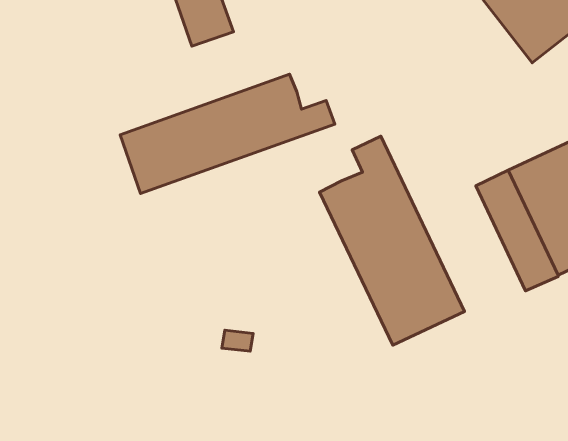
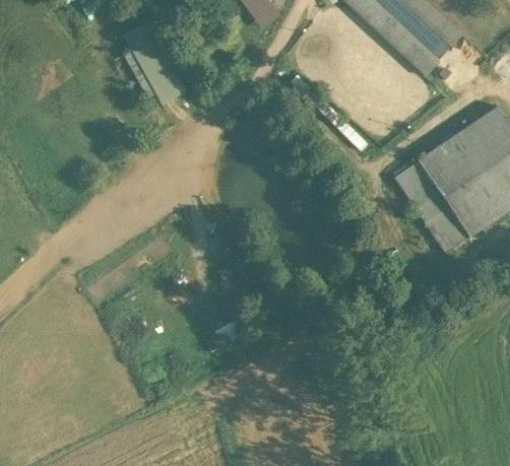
building: [120,74,335,194] -> none
building: [320,136,464,345] -> none

